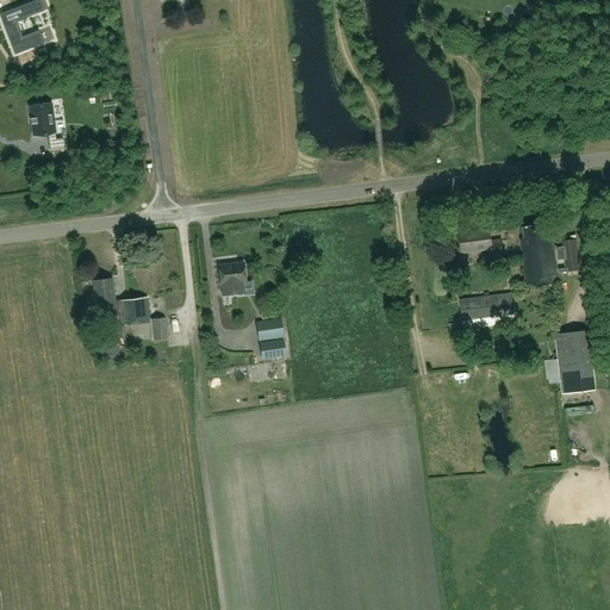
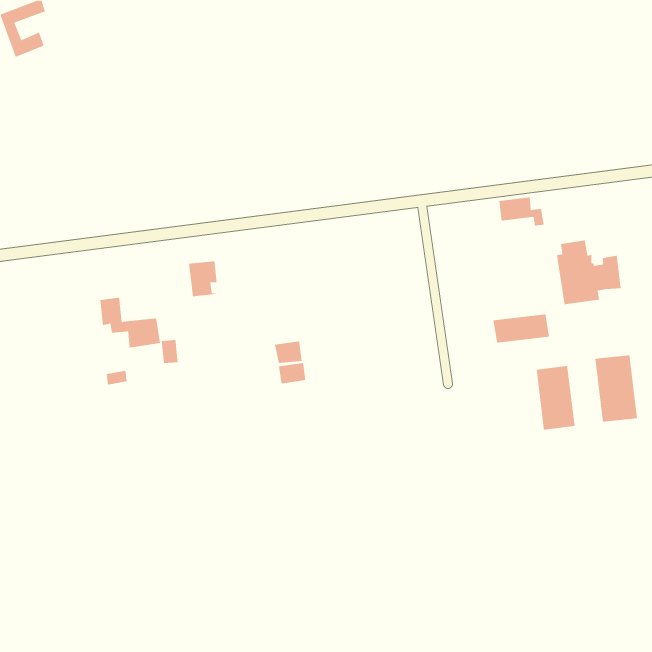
building: [30,104,64,151] -> none
building: [460,229,503,256] -> [498,197,544,226]
building: [218,262,245,295] -> [188,261,218,297]
building: none -> [536,365,575,431]

